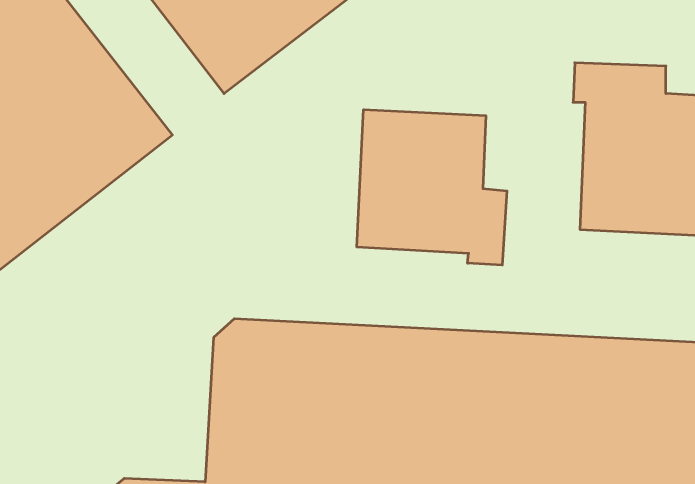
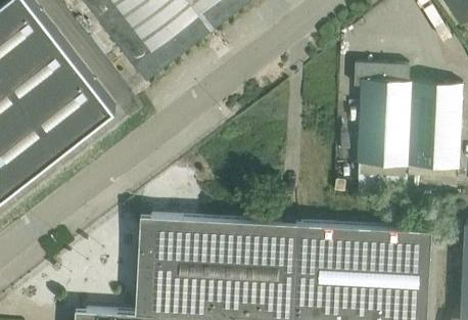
building: [357,110,507,265] -> none

